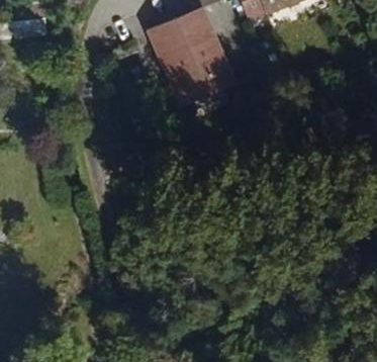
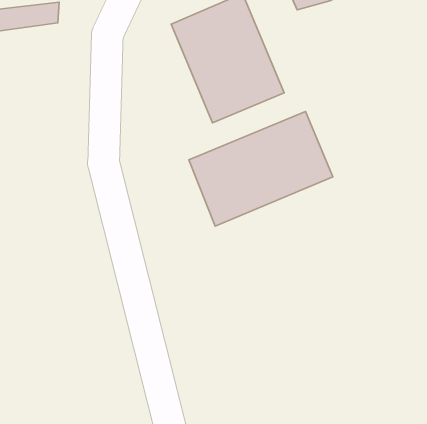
building: none -> [189,112,333,226]

